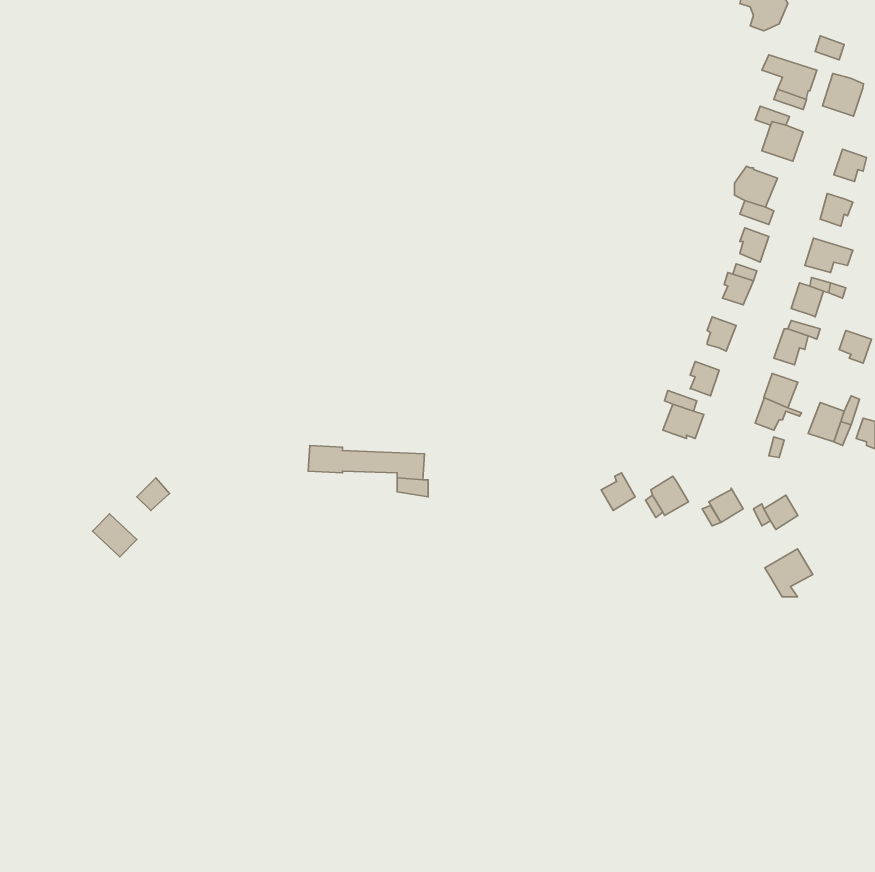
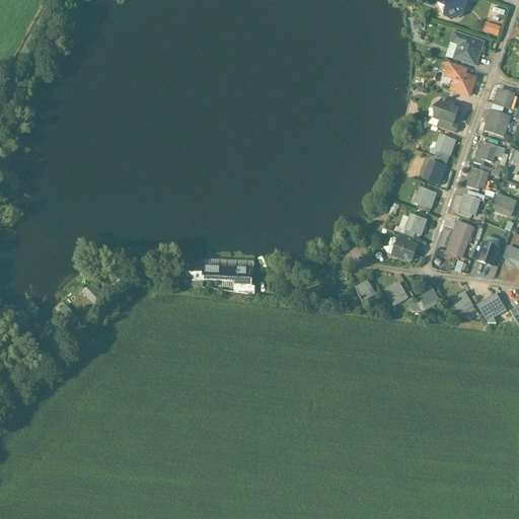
building: [822,74,864,116] -> none
building: [765,549,813,597] -> [477,294,506,322]

